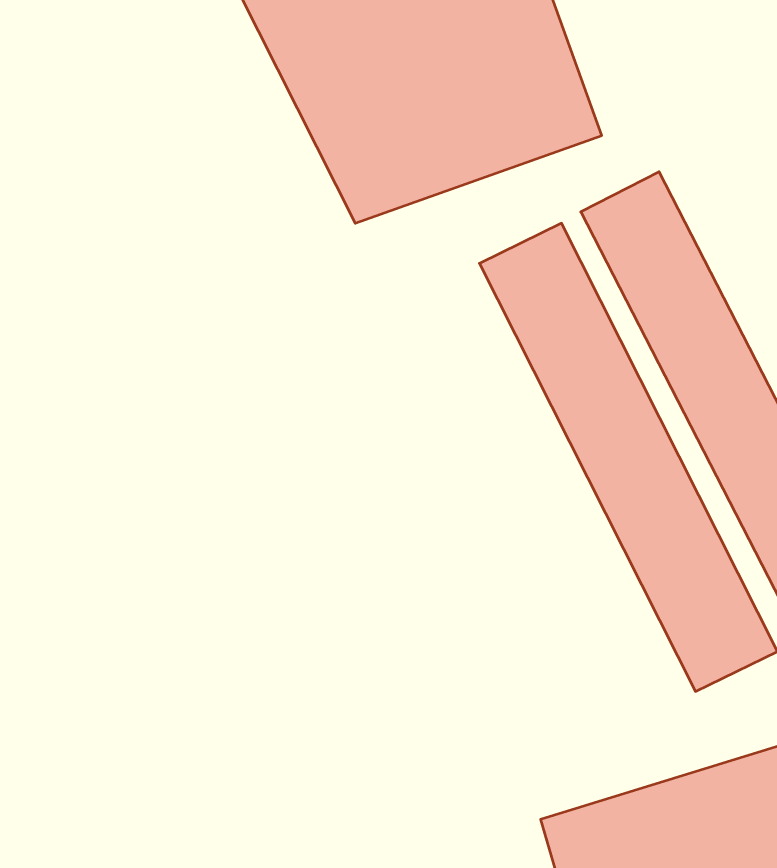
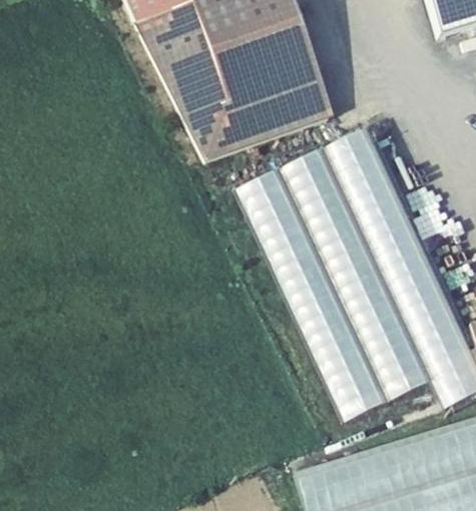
building: none -> [219,184,377,430]

